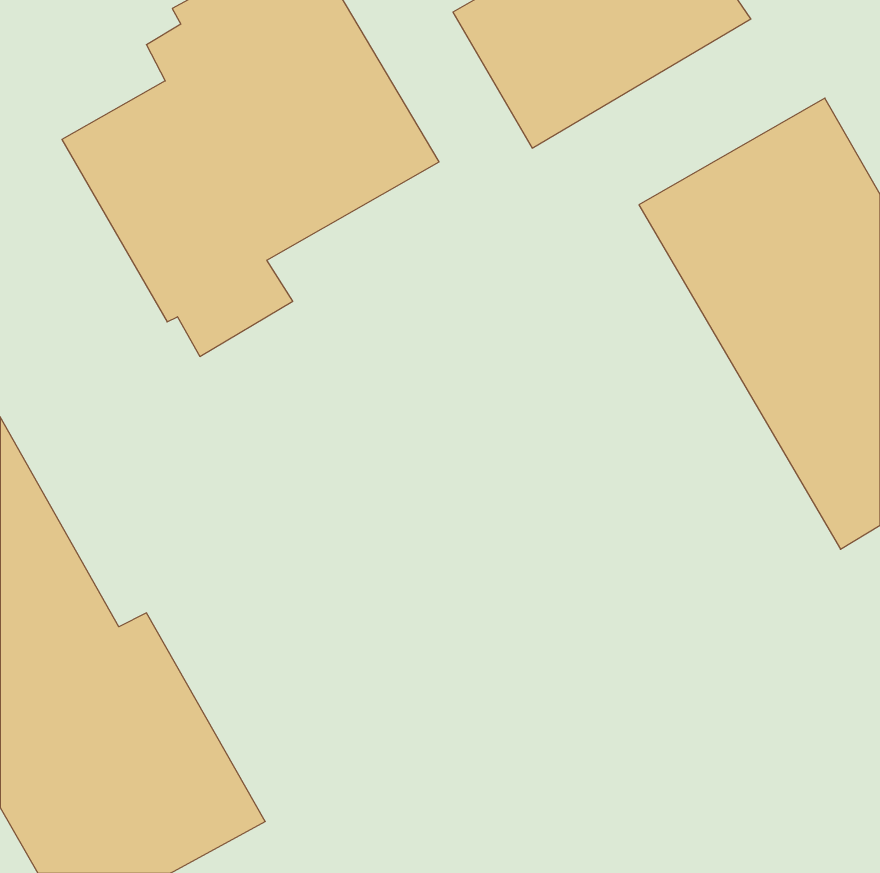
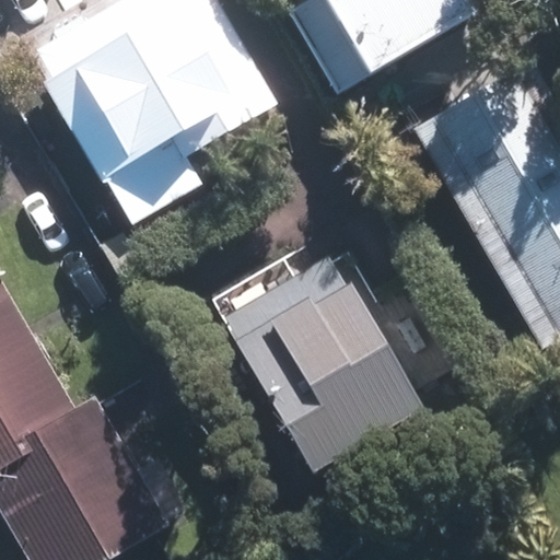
building: none -> [223,249,420,466]

